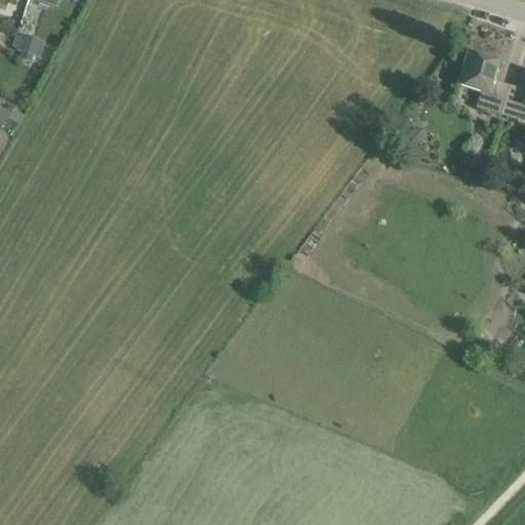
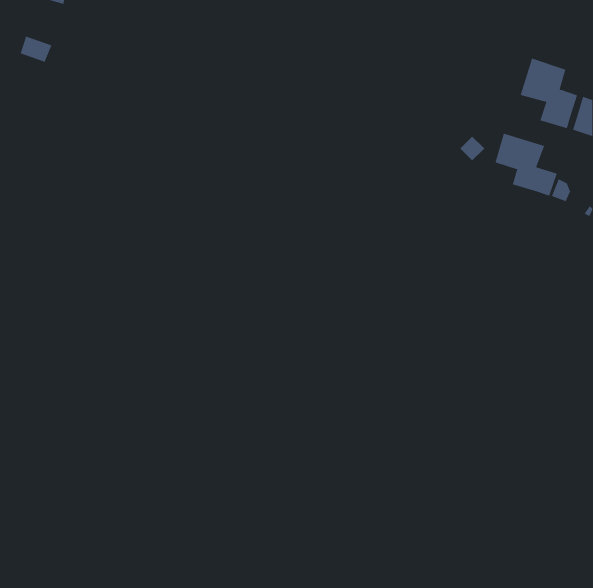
building: none -> [495,133,558,196]

